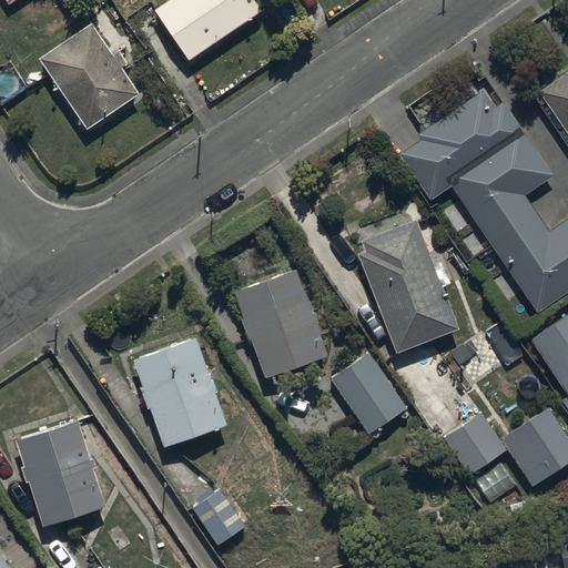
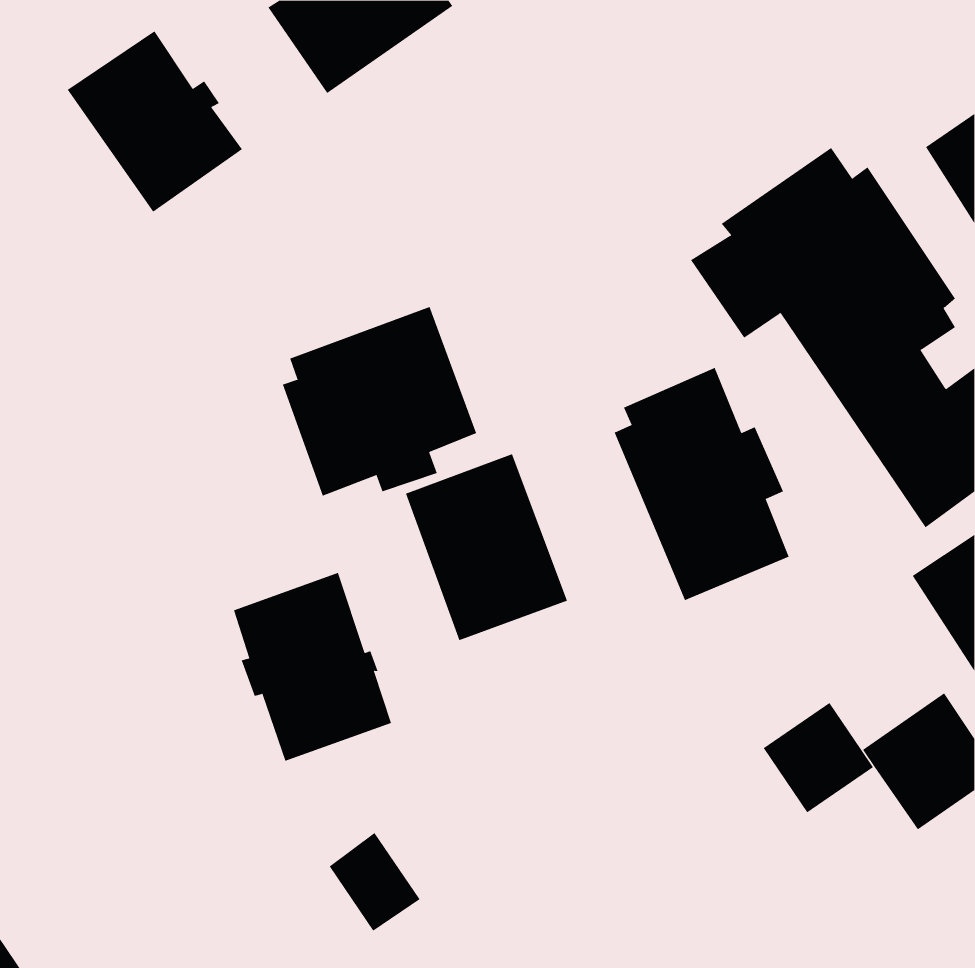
building: none -> [282,306,477,497]
building: [331,354,407,435] -> none
building: [17,420,106,526] -> none

